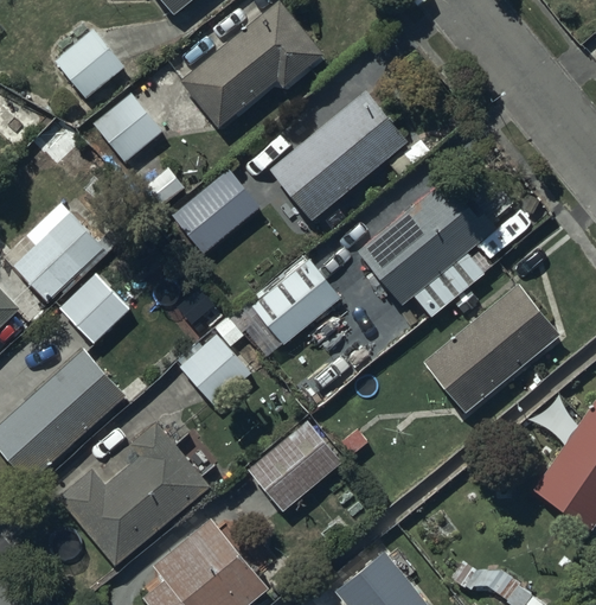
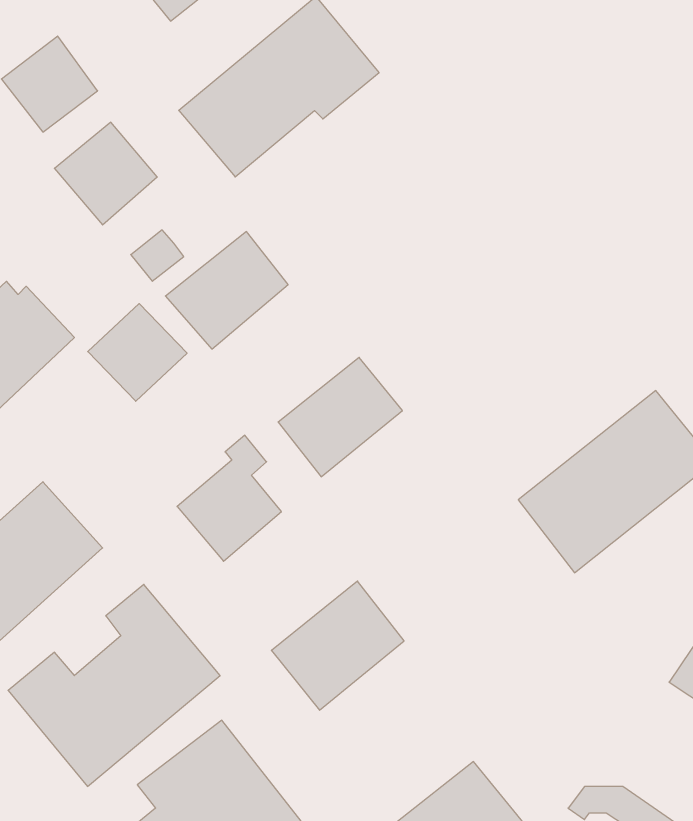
building: [268,91,429,223] -> none
building: [358,179,498,318] -> none
building: [58,274,129,344] -> [88,304,187,401]

